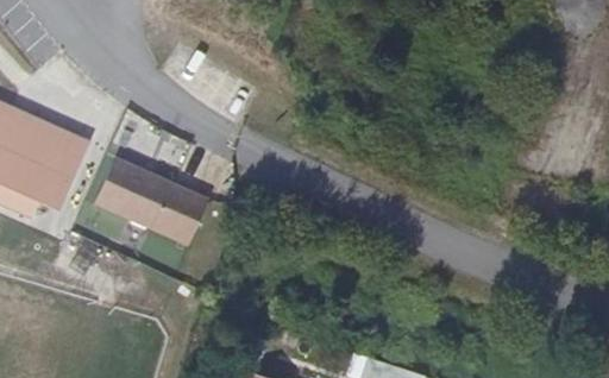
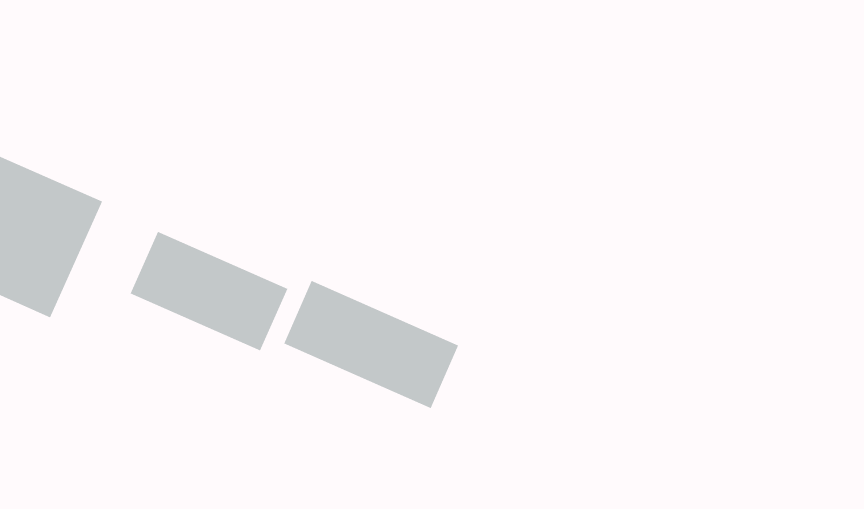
building: none -> [283,280,459,409]

